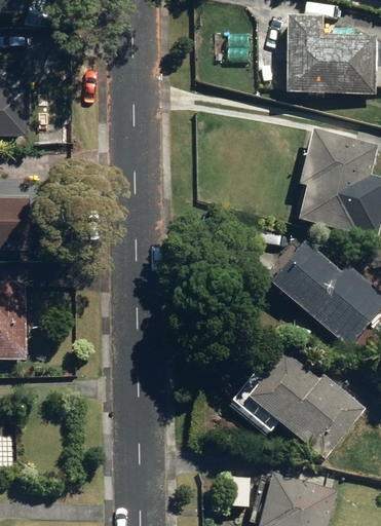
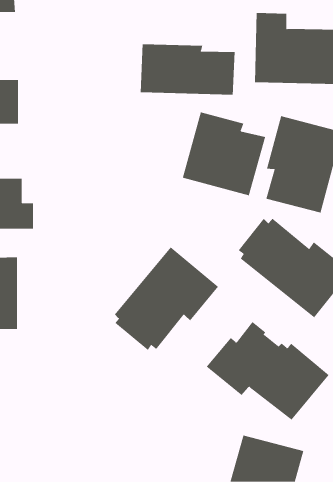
building: none -> [140,44,235,96]
building: none -> [182,111,266,196]
building: none -> [114,246,219,351]

